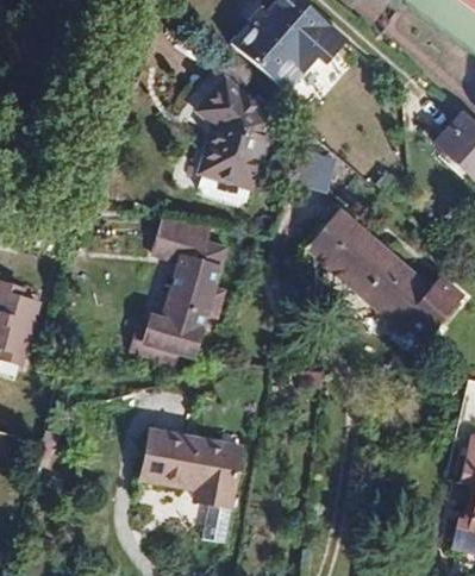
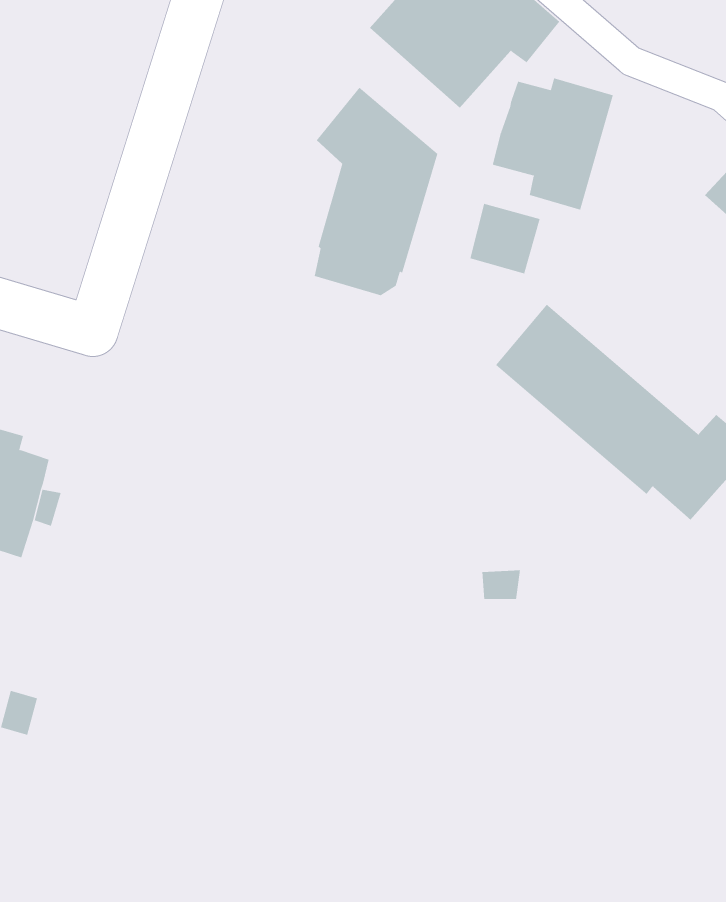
building: none -> [492,78,614,210]
building: [131,217,226,362] -> none
building: [140,428,242,540] -> none

